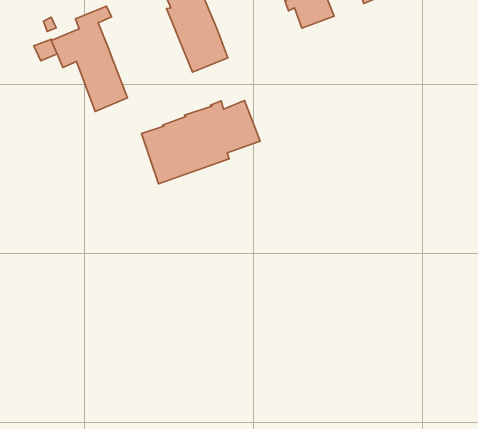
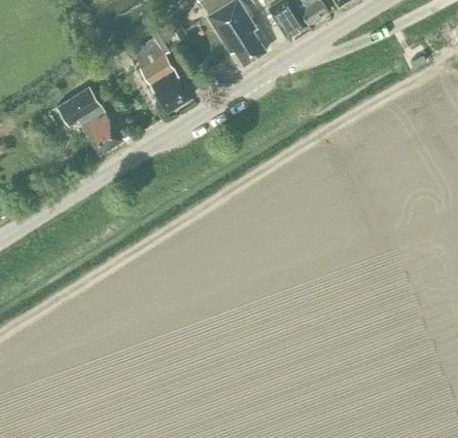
building: [141,101,260,184] -> none

